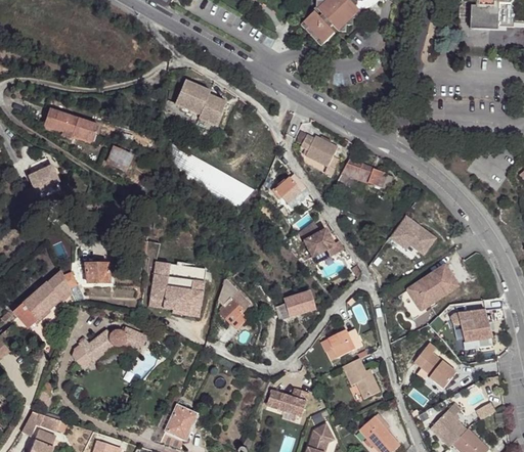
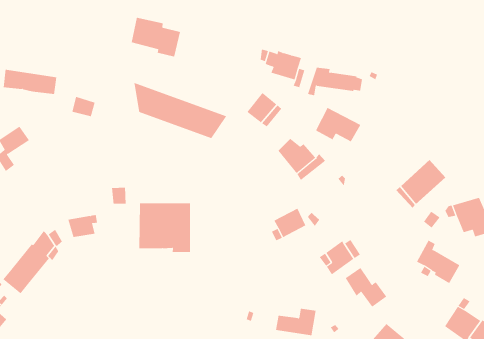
building: [391,215,436,253] -> [315,107,361,142]
building: [217,277,250,328] -> none
building: [72,325,147,367] -> none

